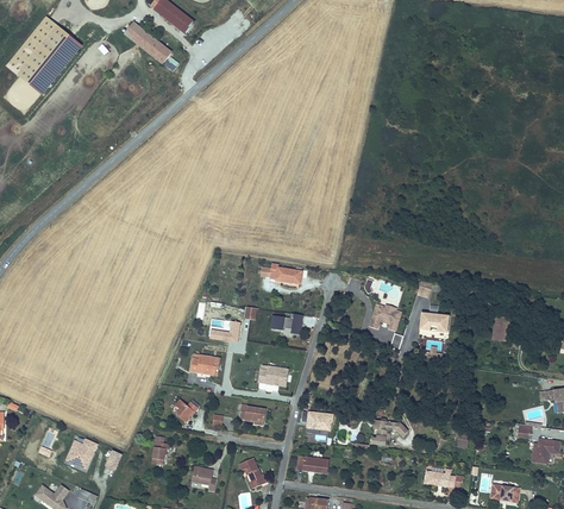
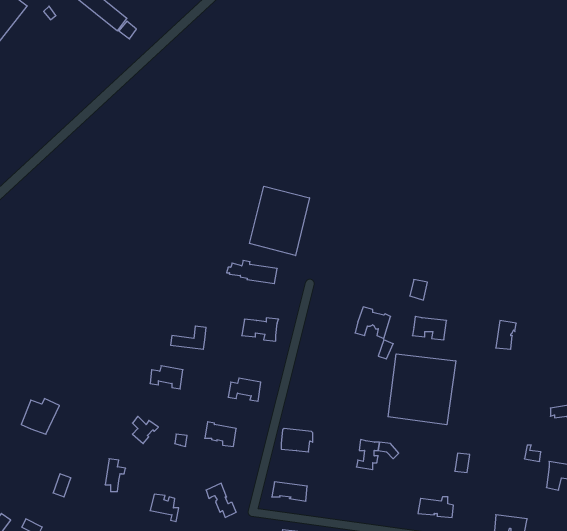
building: none -> [249,186,309,256]
building: none -> [388,354,456,425]
building: [65,438,99,469] -> [21,399,59,434]

